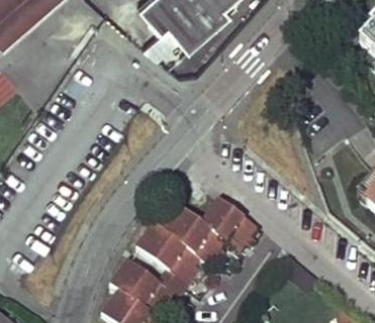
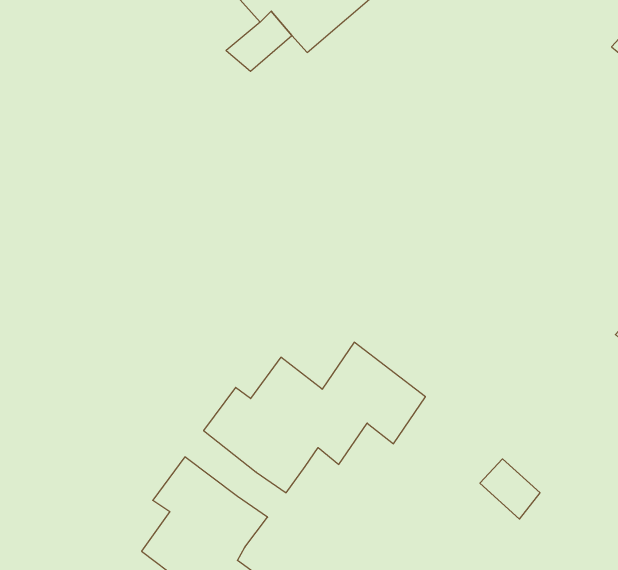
building: [156,266,200,315] -> none

